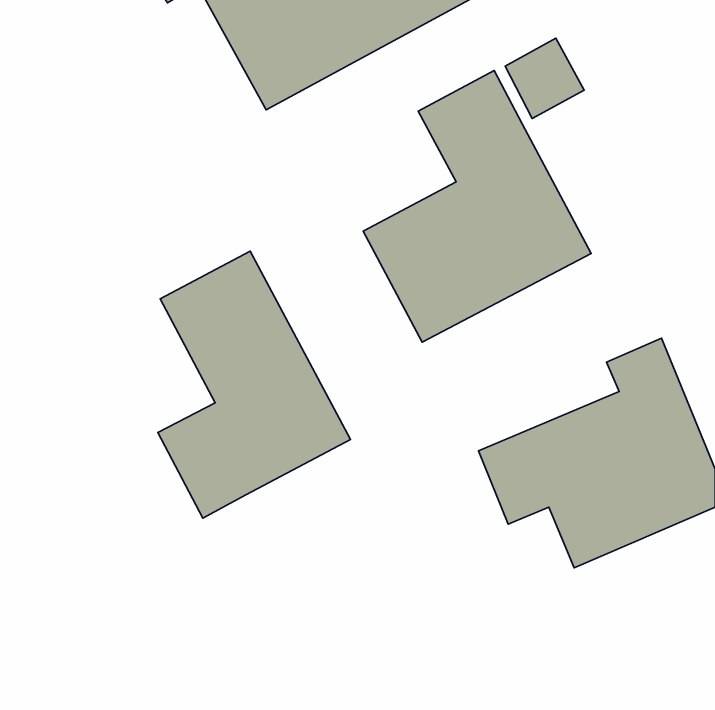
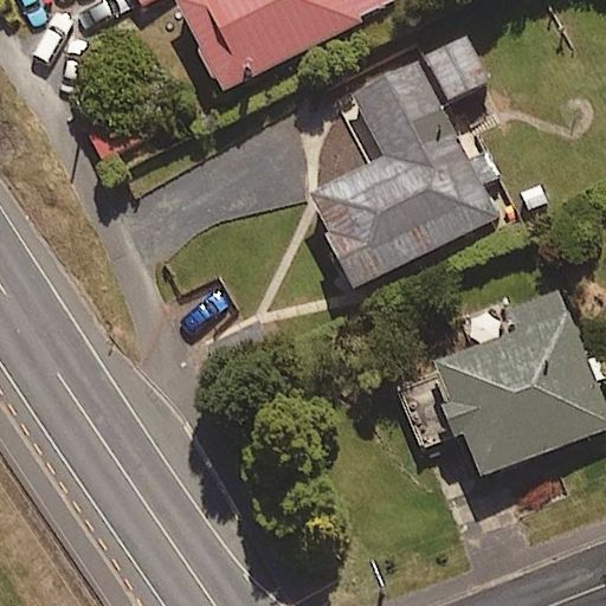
building: [158,251,351,518] -> none

